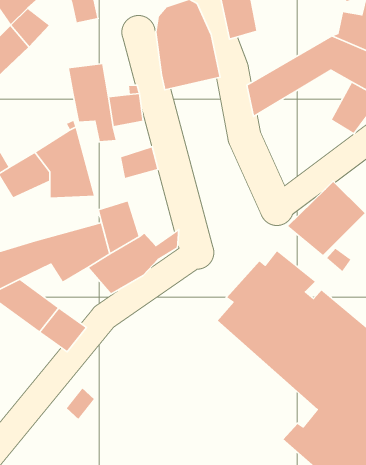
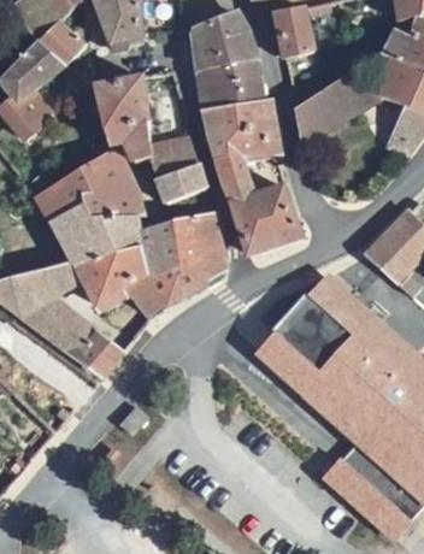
building: none -> [210,95,302,257]
building: none -> [51,205,143,267]
building: none -> [171,217,224,272]

